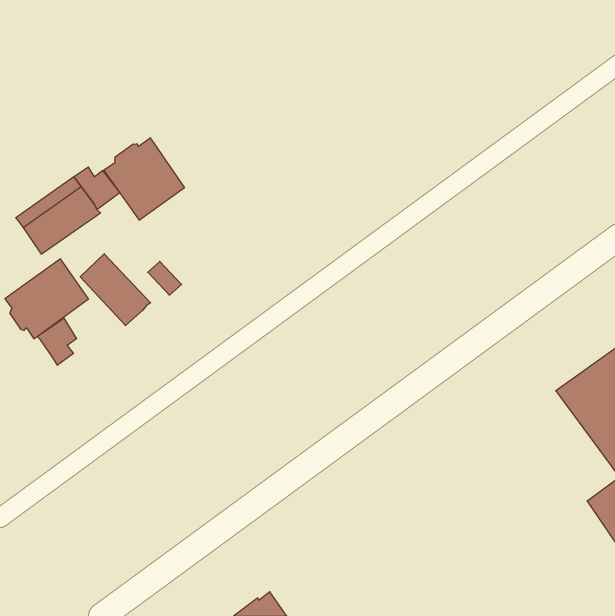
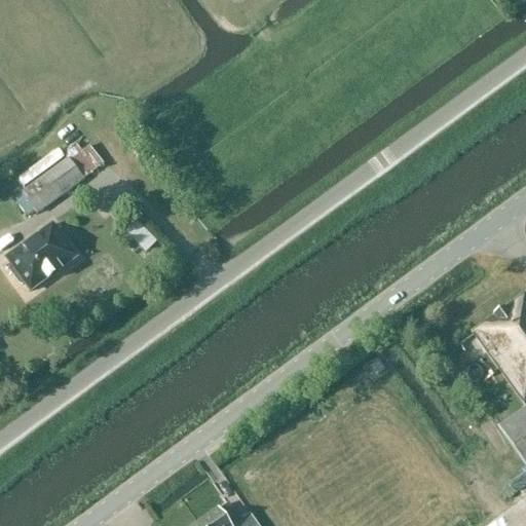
building: [104,138,184,220] -> none
building: [80,254,151,326] -> none
building: [37,318,77,365] -> none

